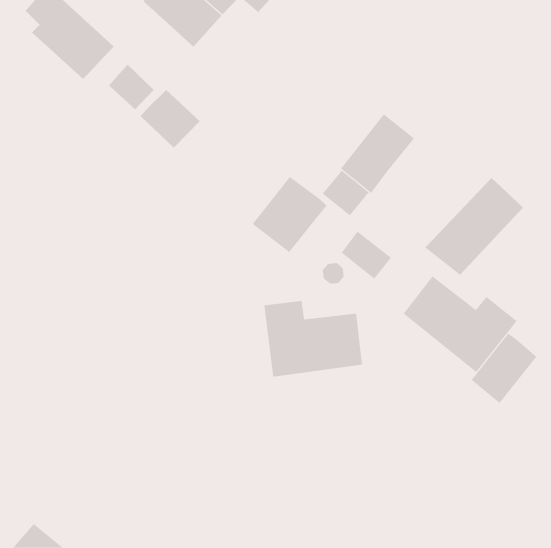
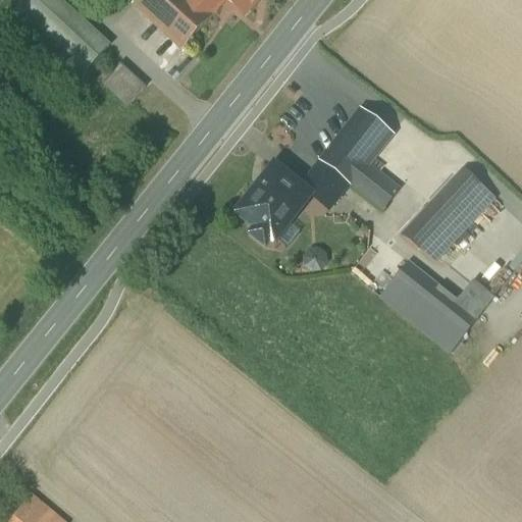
building: [140,89,200,148] -> none
building: [341,231,392,279] -> [351,162,399,208]
building: [264,300,362,377] -> none
building: [471,333,537,404] -> none

